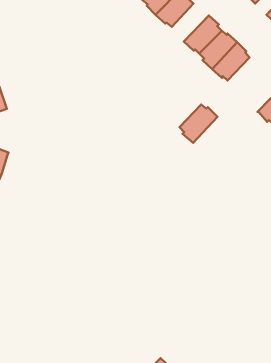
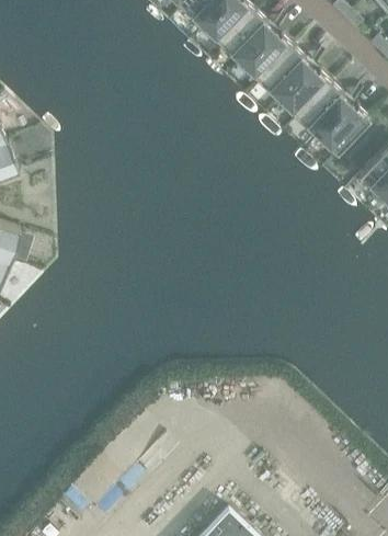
building: none -> [244,32,295,83]
building: [179,105,217,143] -> [320,105,372,157]

